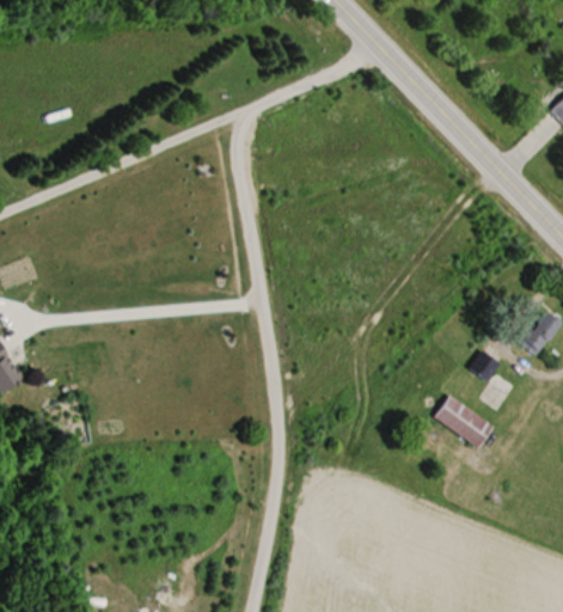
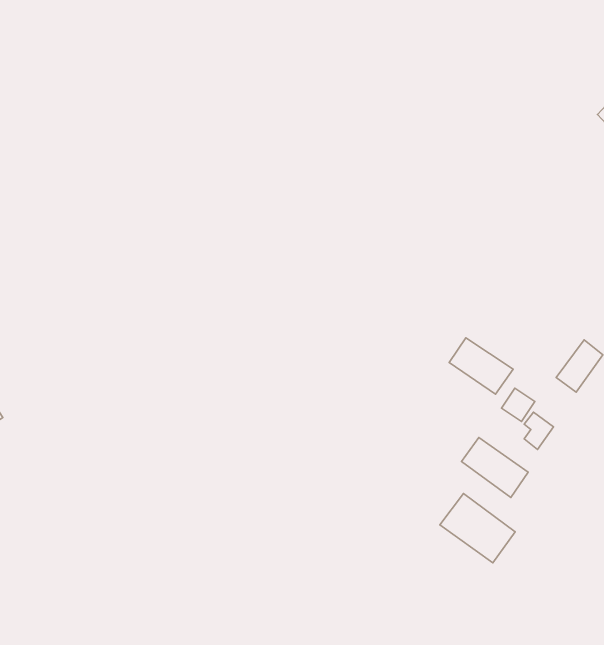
building: none -> [449,338,513,394]
building: none -> [440,493,515,563]

